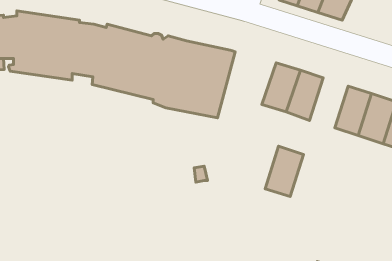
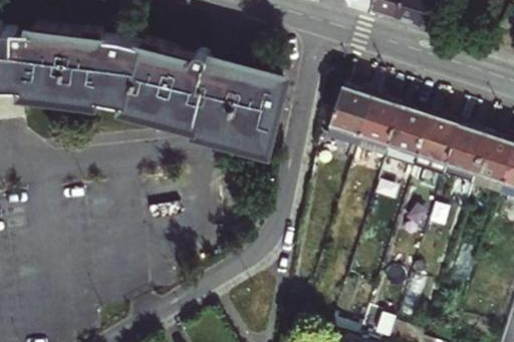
building: [265,146,304,196] -> [381,101,428,161]

